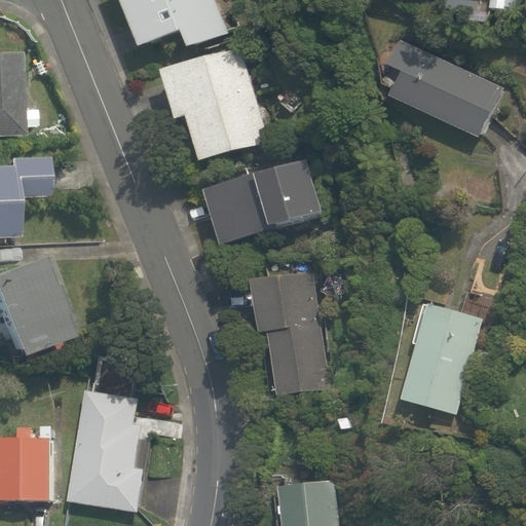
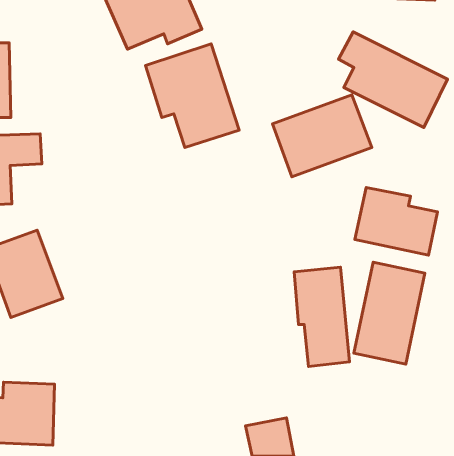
building: [210,157,322,250] -> [273,95,372,177]
building: none -> [355,187,437,255]
building: [255,271,317,383] -> [294,267,350,366]
building: [69,385,149,509] -> none

